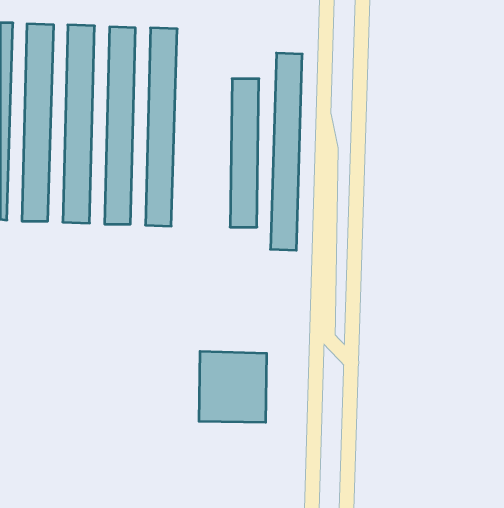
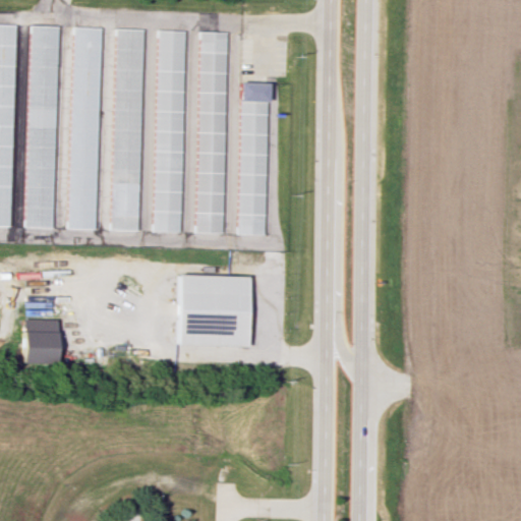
building: [270,53,302,250] -> [195,32,228,233]
building: none -> [24,319,59,363]
building: [199,351,267,422] -> [177,274,246,346]

